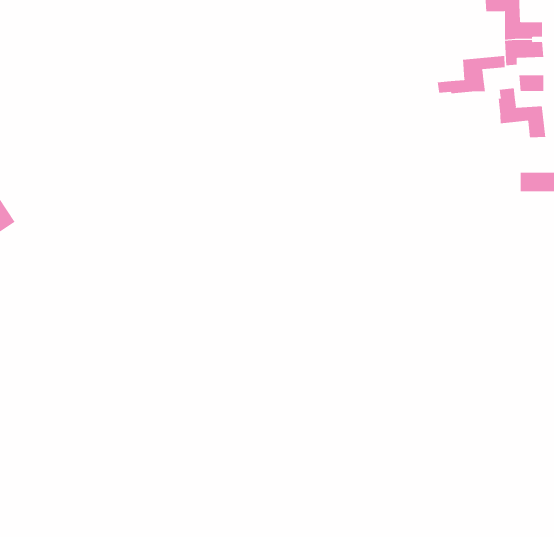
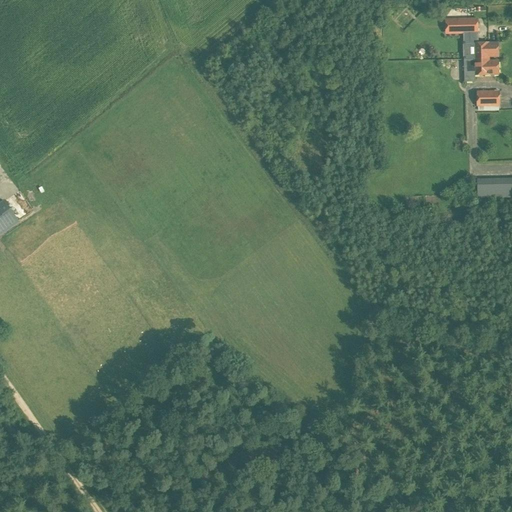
building: [437,55,505,94] -> none
building: [498,87,546,138] -> none

